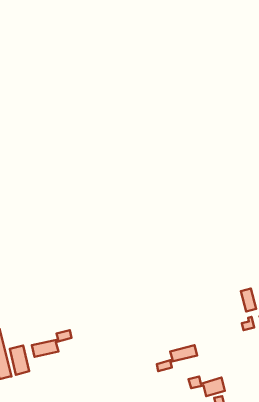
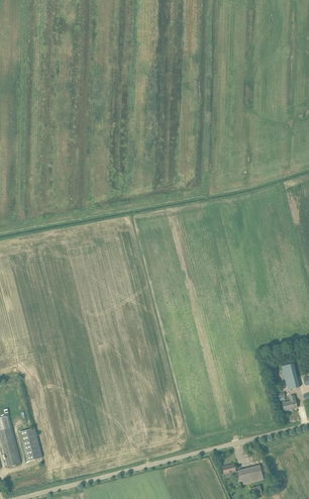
building: [32,330,71,357] -> none
building: [157,345,197,371] -> none

